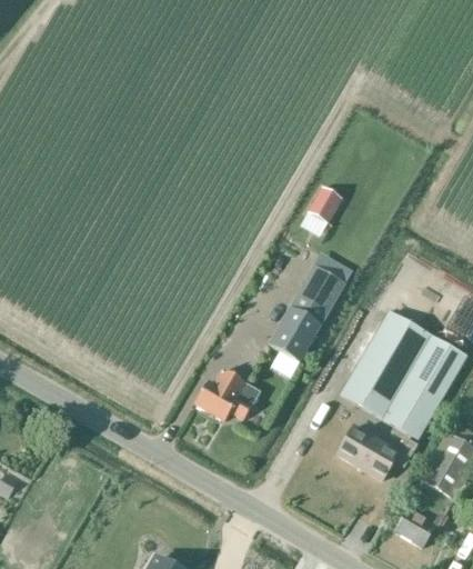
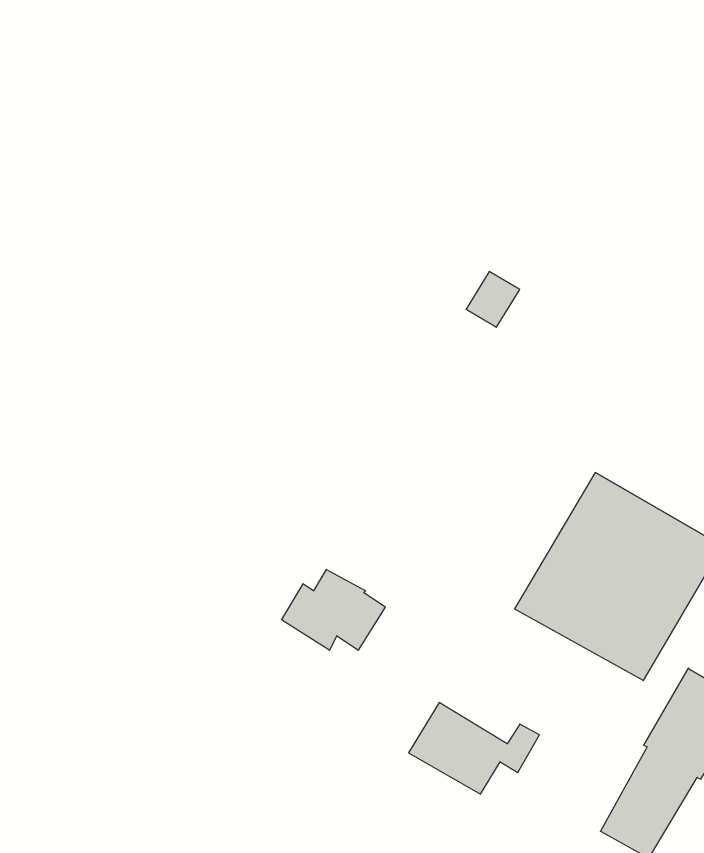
building: [270,266,344,361] -> none
building: [336,422,417,479] -> [409,703,539,794]

